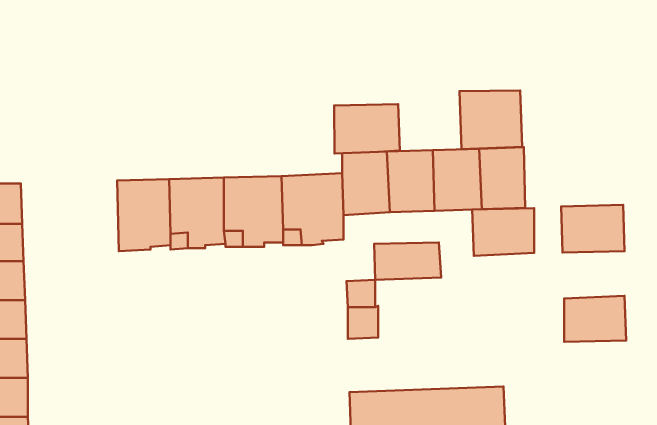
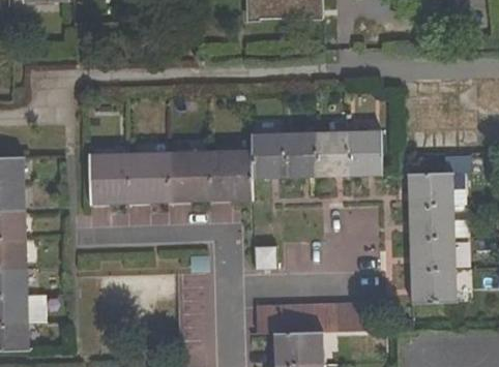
building: [460,91,522,149] -> none
building: [334,104,400,153] -> none
building: [472,208,534,256] -> [409,205,453,239]
building: [374,242,441,280] -> none
building: none -> [410,269,456,303]

